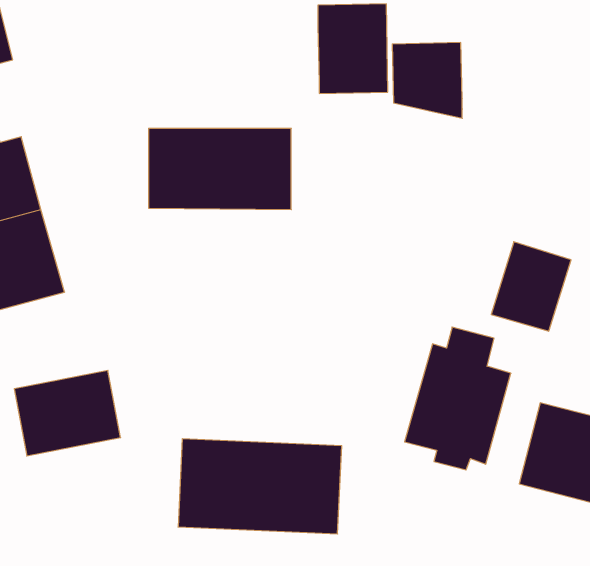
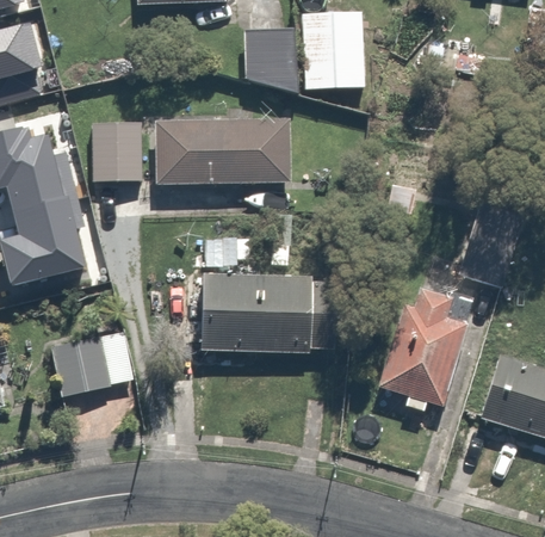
building: [392,43,462,118] -> [244,32,304,97]
building: none -> [88,119,142,180]
building: [178,439,342,534] -> [196,276,335,357]

